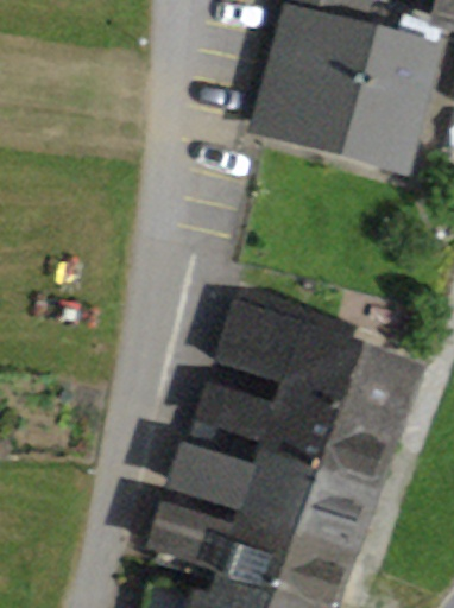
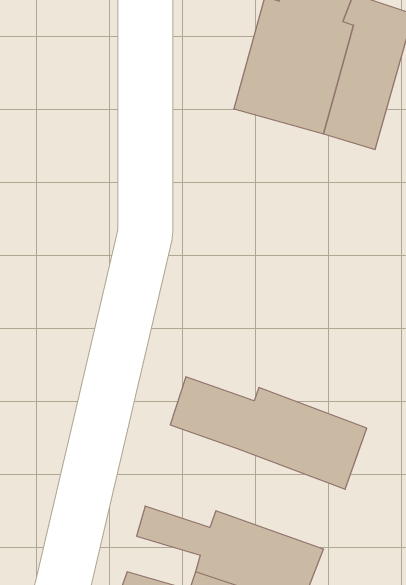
building: [213,310,409,441] -> none
building: [176,437,364,560] -> none

